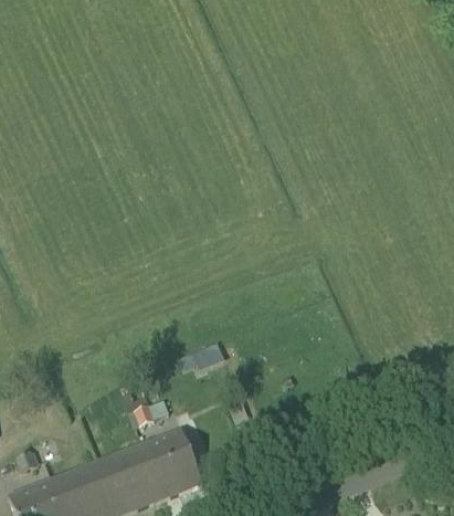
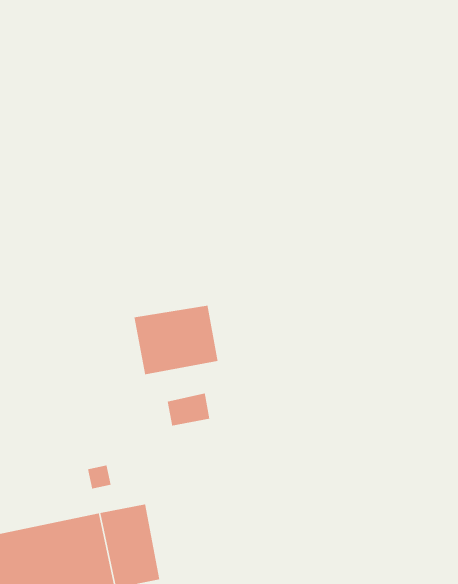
building: none -> [134,305,218,375]

